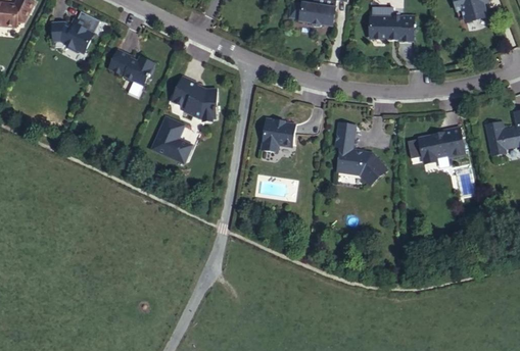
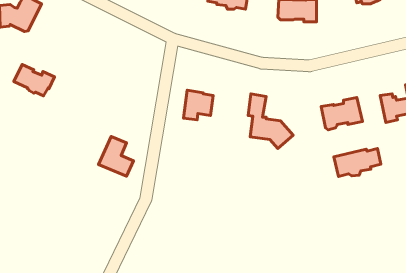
building: [108,49,154,85] -> [14,64,54,96]
building: [171,77,217,121] -> none
building: [151,117,191,162] -> [99,137,134,176]
building: none -> [334,148,381,177]

